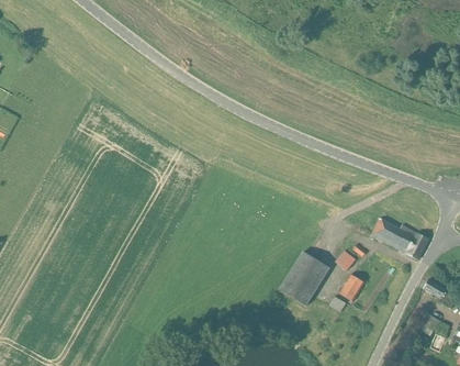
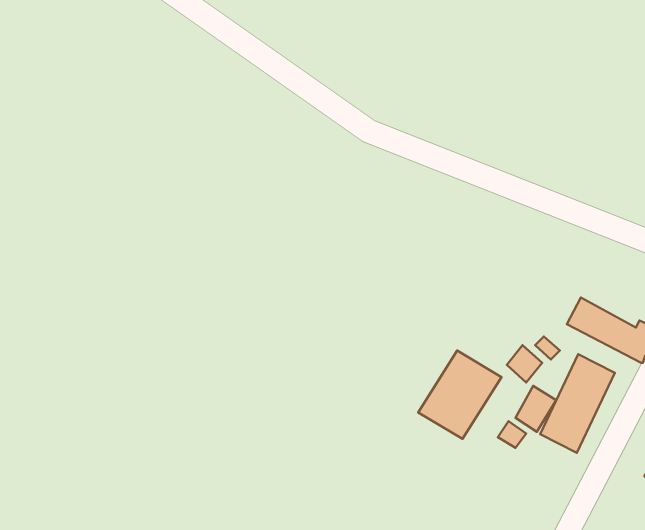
building: none -> [540,354,615,453]

